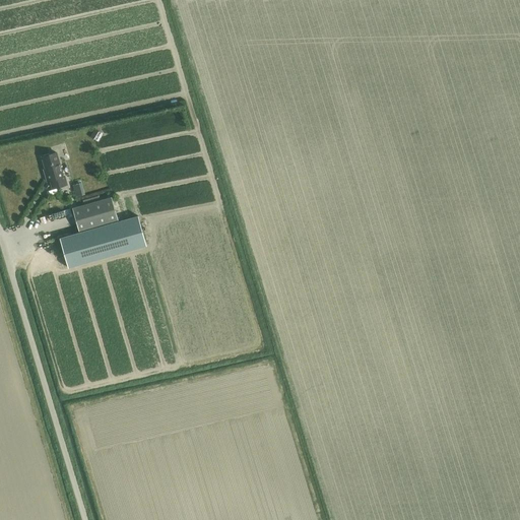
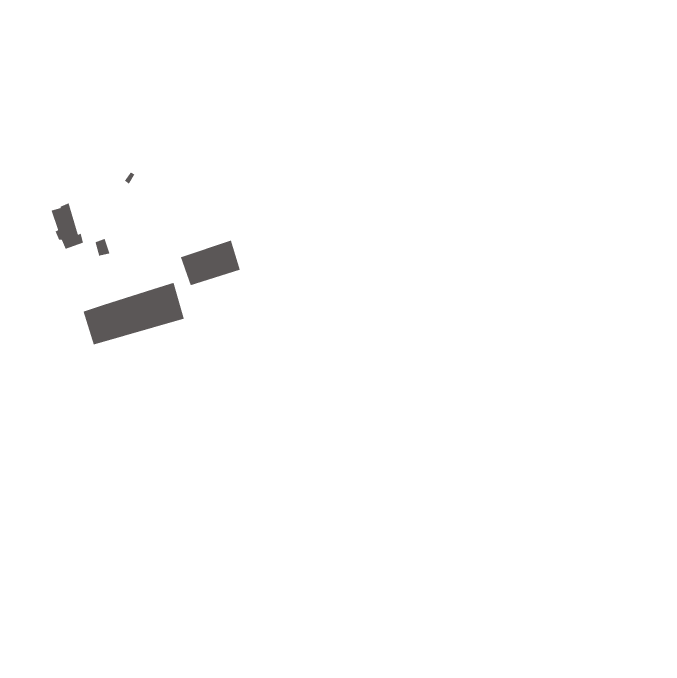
building: [72,198,119,234] -> [180,239,241,286]

